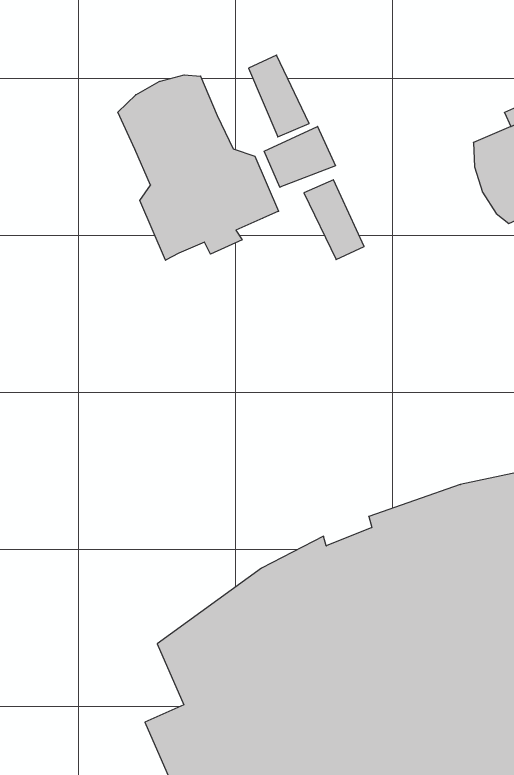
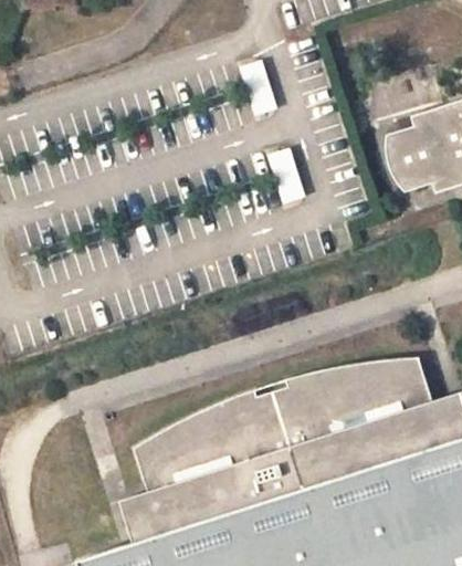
building: [118,75,279,260] -> none
building: [264,126,336,187] -> none

